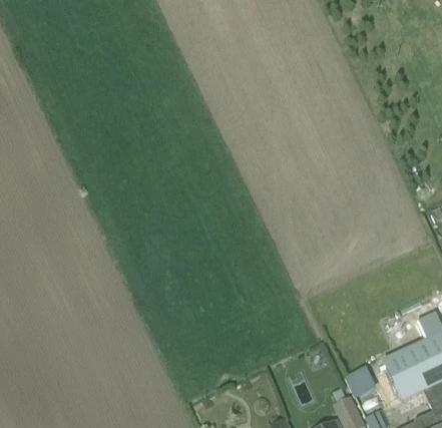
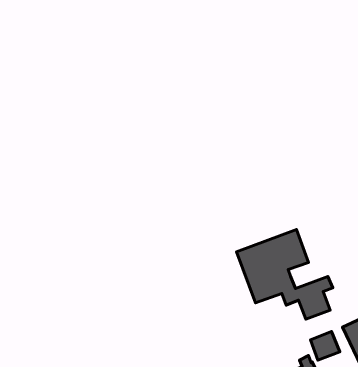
building: none -> [236,229,333,319]

